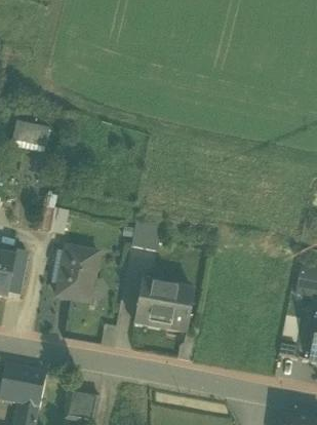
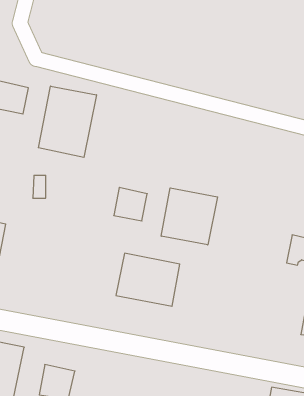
building: none -> [38,86,96,157]
building: none -> [161,188,218,245]
building: [56,244,103,300] -> none

